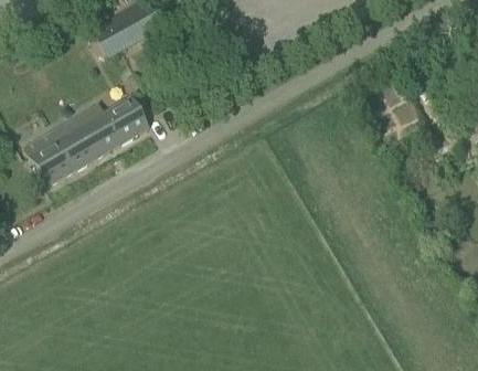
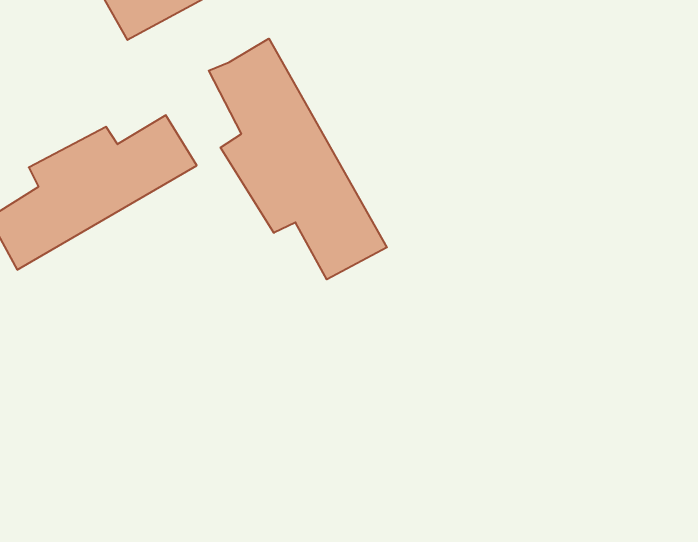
building: none -> [209,39,387,279]

